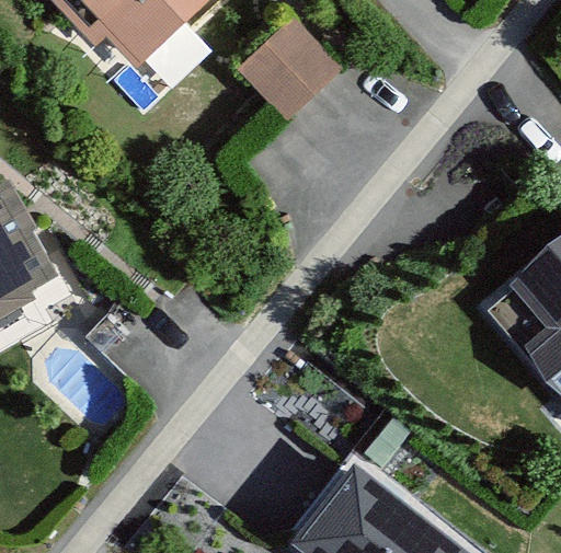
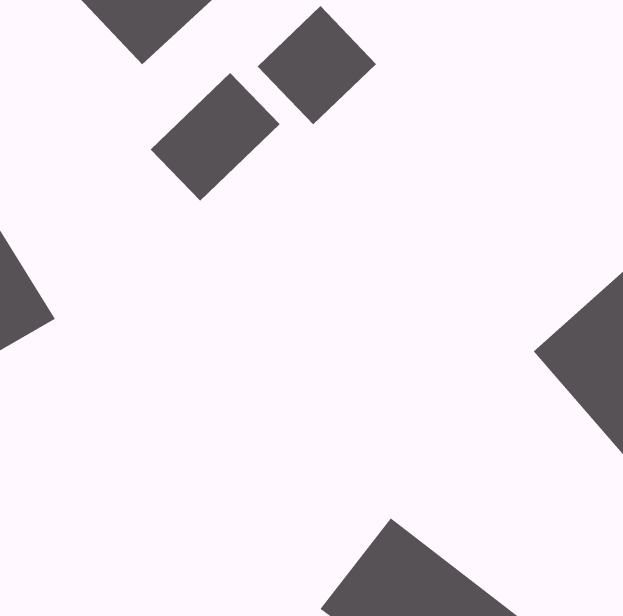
building: none -> [150,72,281,202]

